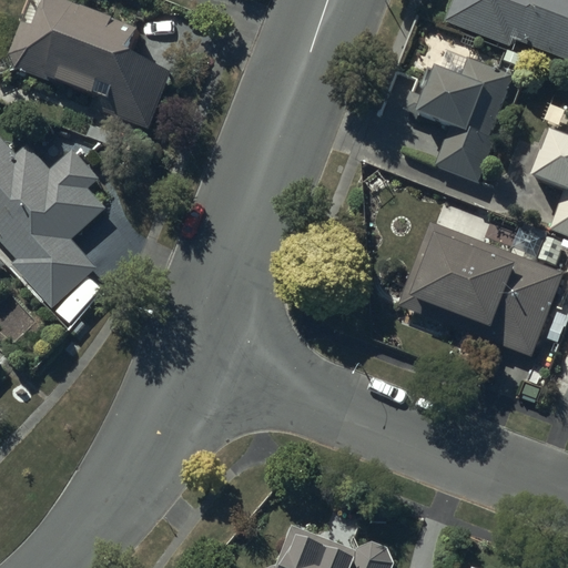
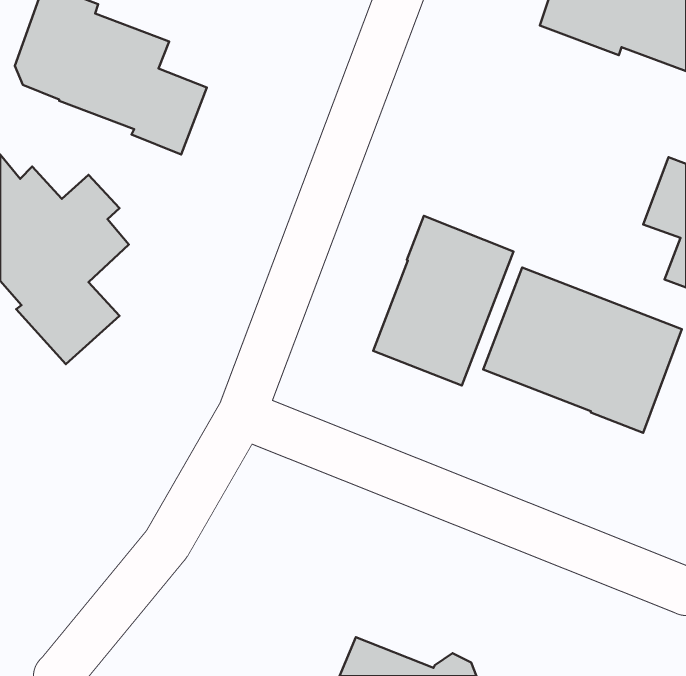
building: [404,59,513,182] -> none
building: none -> [373,216,514,386]

